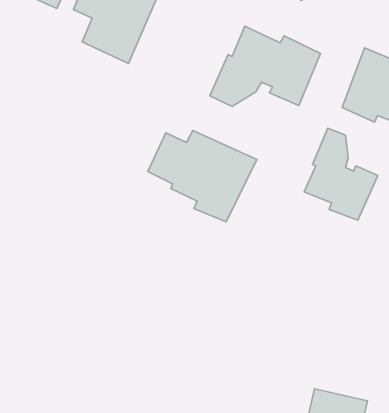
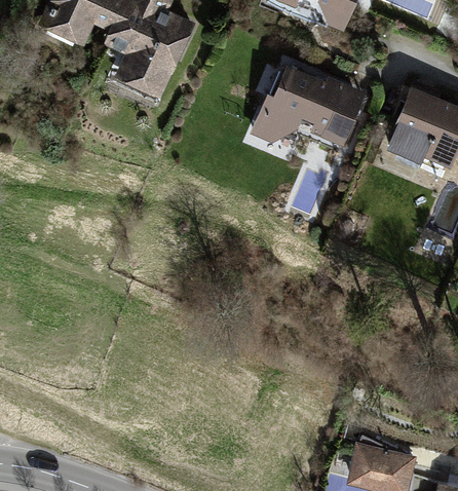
building: [304,128,378,220] -> none
building: [148,130,257,222] -> none

